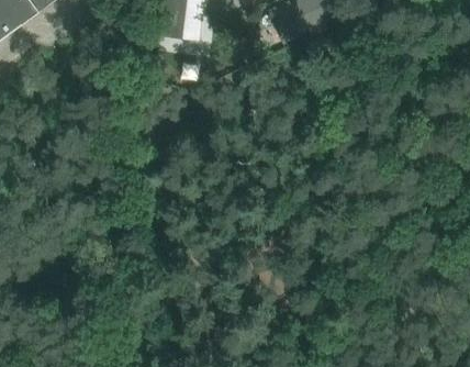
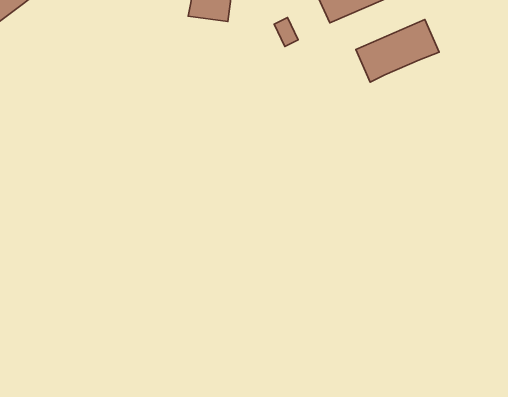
building: none -> [356,20,439,82]

